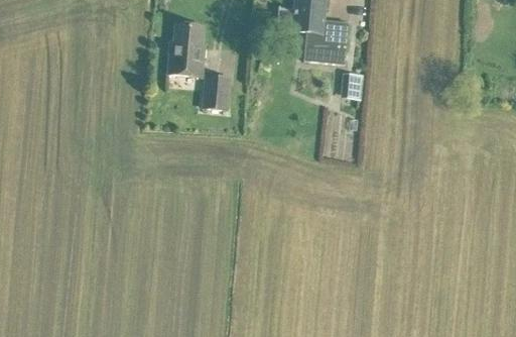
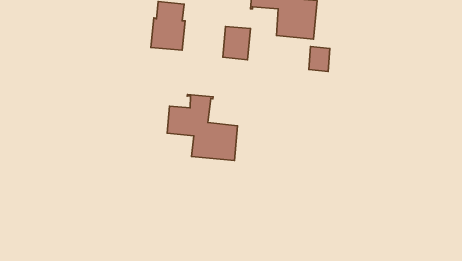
building: [201,75,231,111] -> [223,27,250,60]
building: none -> [167,94,237,160]

